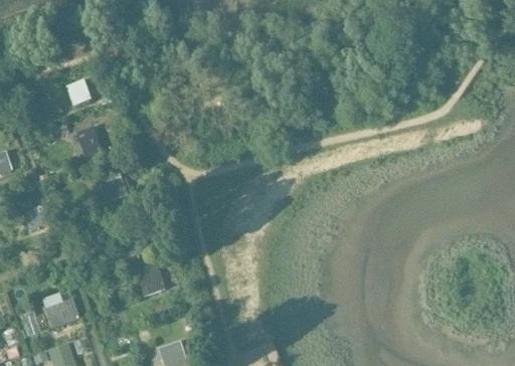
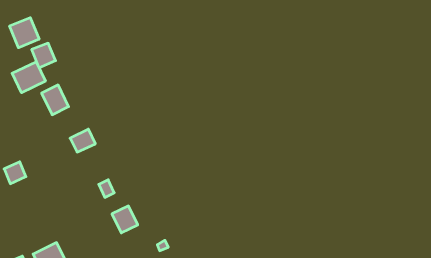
building: none -> [10,18,39,48]
building: none -> [12,62,45,93]

